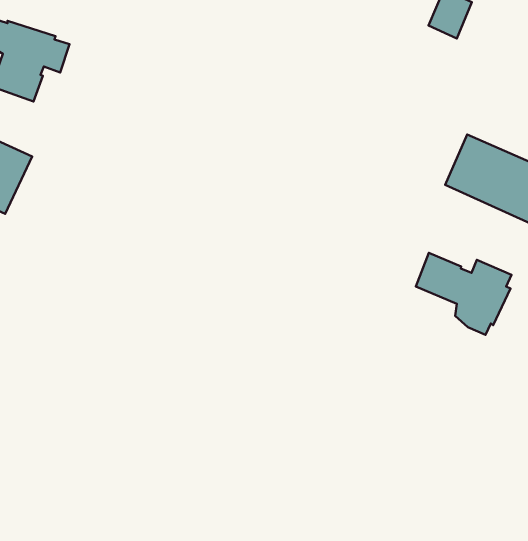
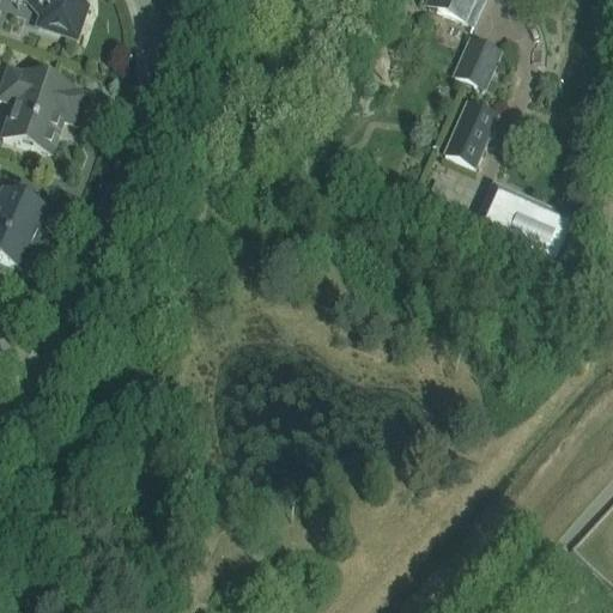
building: none -> [444,97,498,162]
building: [416,253,512,335] -> none

